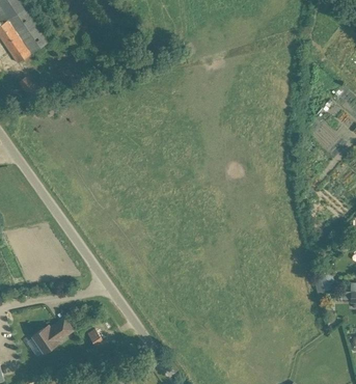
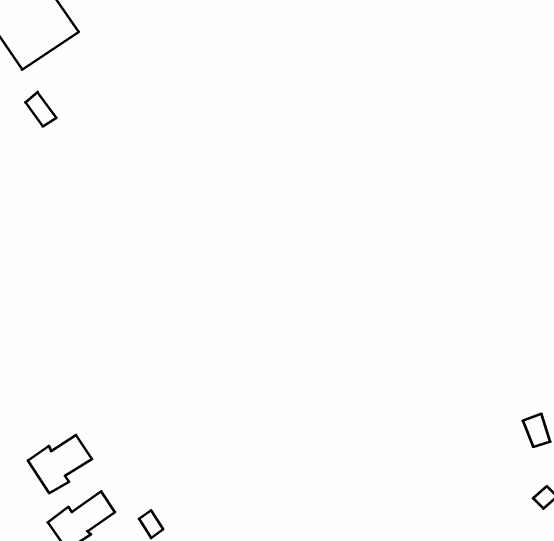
building: none -> [28,435,92,493]

